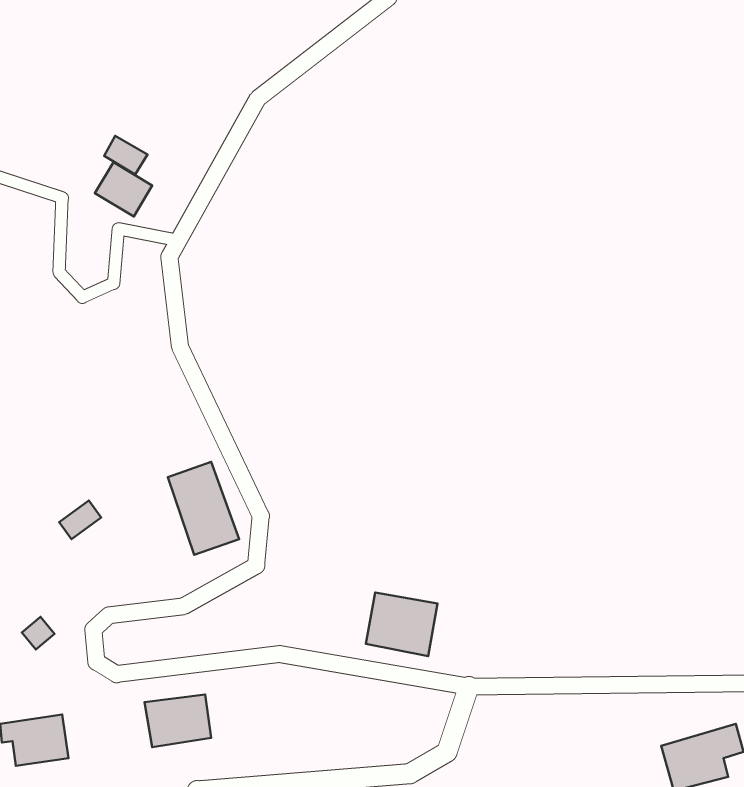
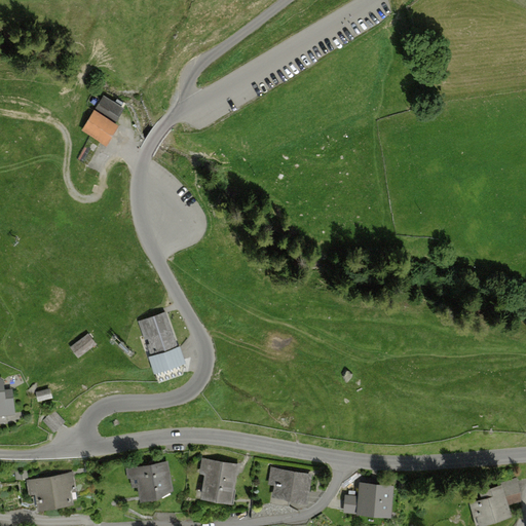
building: [366,593,437,656] -> [264,464,311,506]
building: none -> [194,458,237,505]
building: none -> [342,483,389,515]

